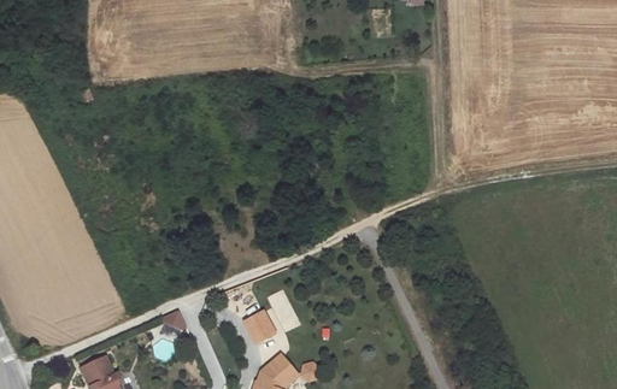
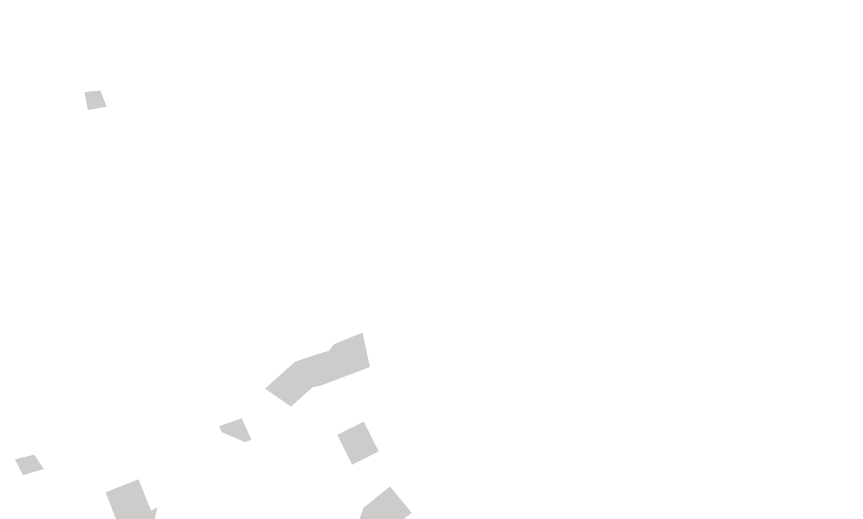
building: none -> [264,331,371,407]

